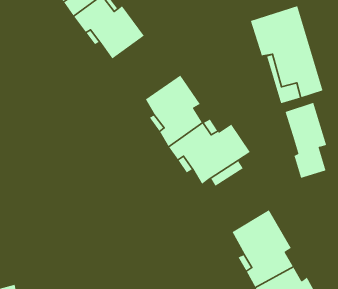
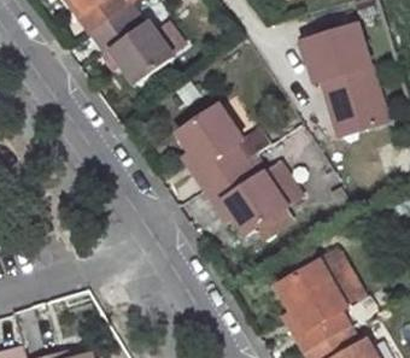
building: [285,102,327,179] -> none

